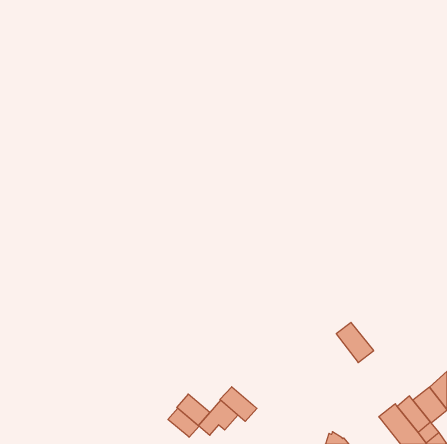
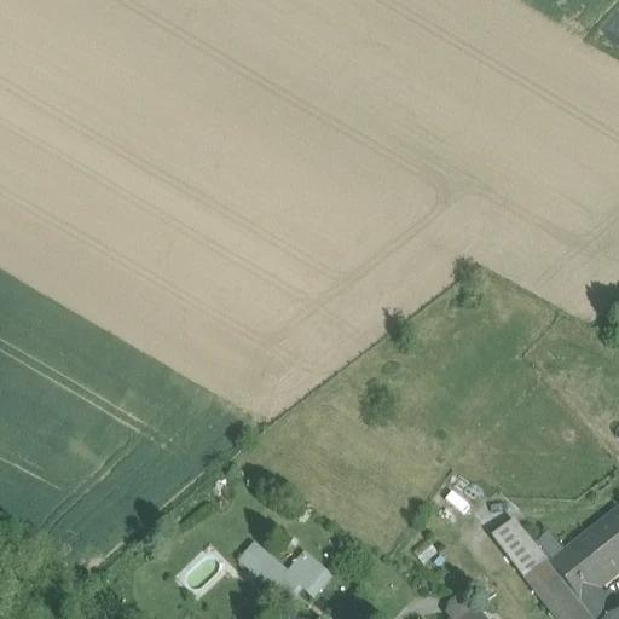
building: [336,322,374,363] -> [493,520,545,575]
building: [220,387,257,421] -> none
building: [168,408,199,437] -> none

